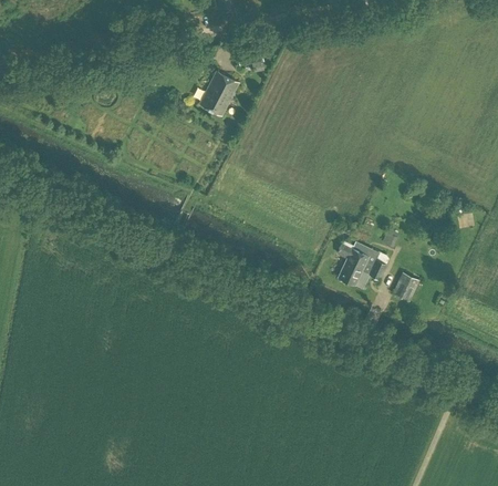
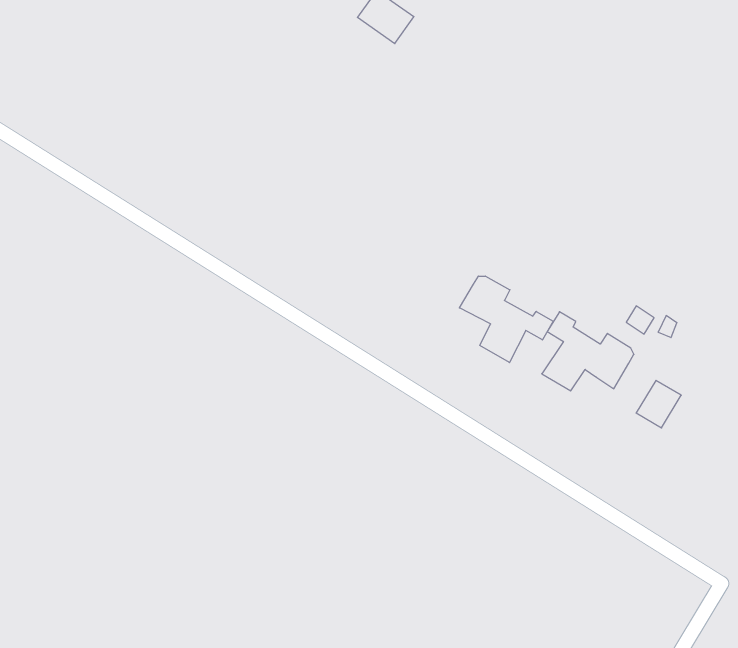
building: [199,89,230,117] -> none
building: none -> [459,276,553,363]

